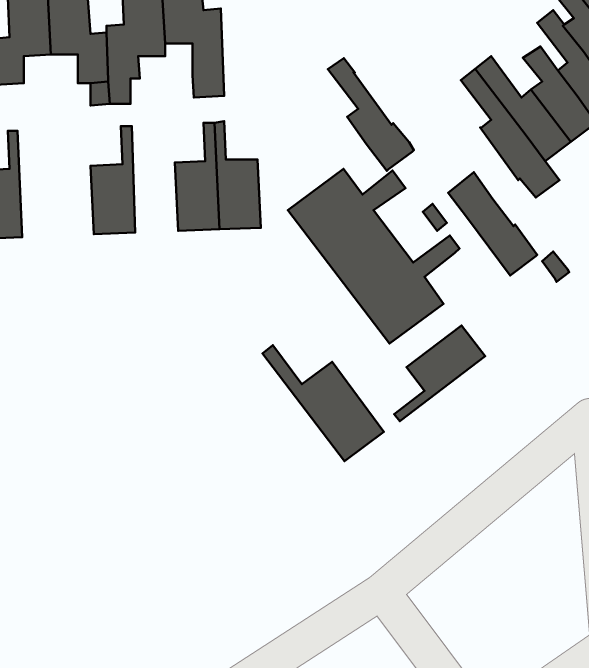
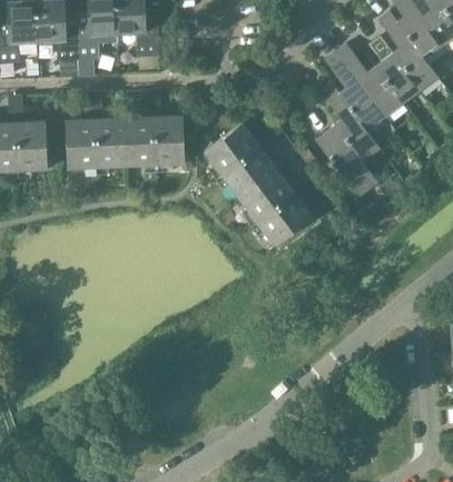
building: [328,58,414,171] -> [319,83,380,163]
building: none -> [93,92,126,167]
building: none -> [13,96,47,170]
building: [394,326,485,421] -> none
building: [262,345,384,461] -> none

